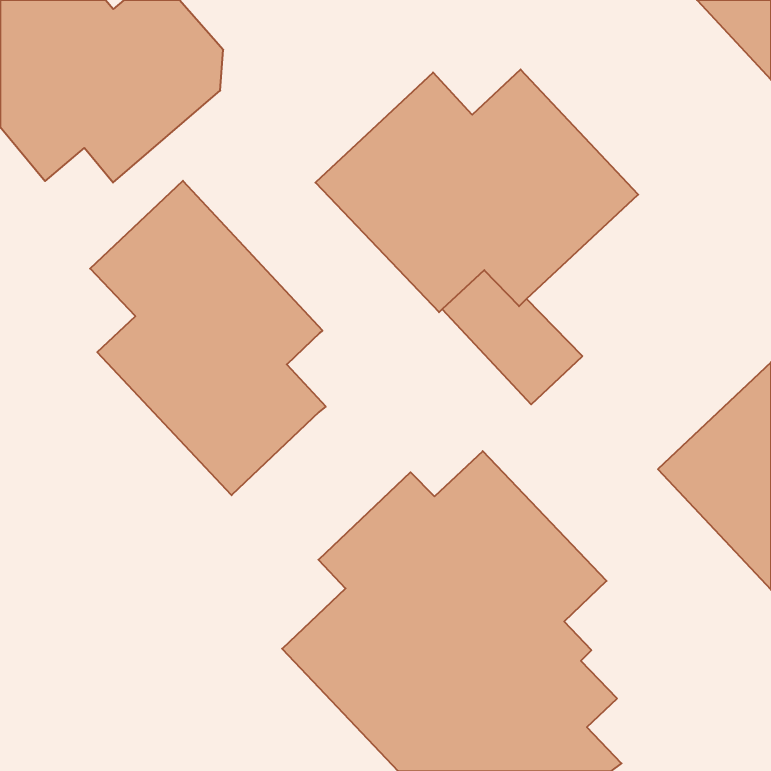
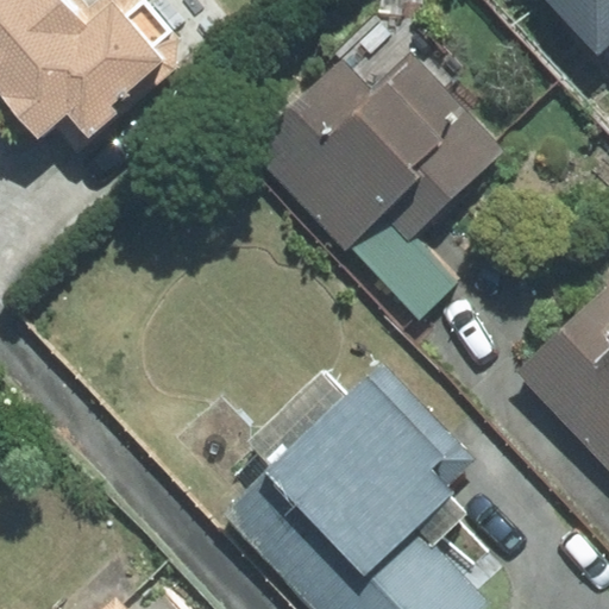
building: [90,181,326,495] -> none

